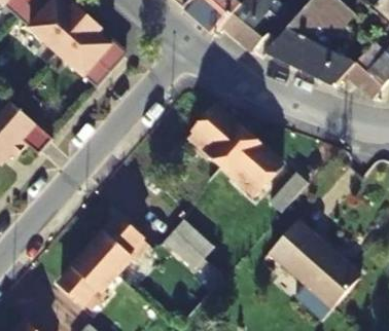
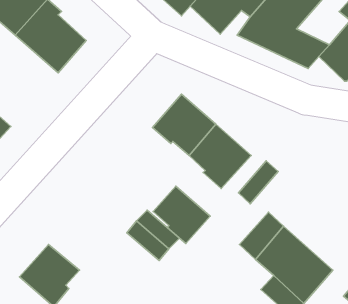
building: none -> [153,186,210,244]
building: [86,219,148,277] -> none

